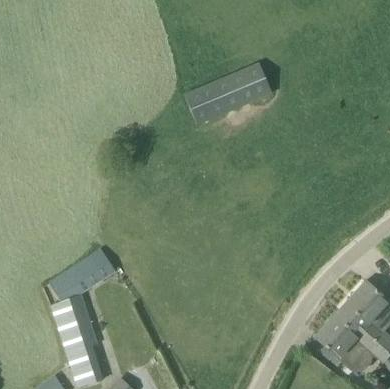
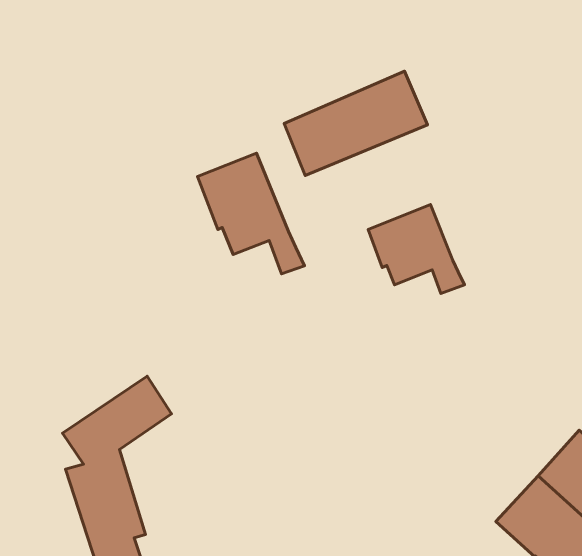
building: none -> [197,153,304,274]
building: none -> [368,204,465,294]

